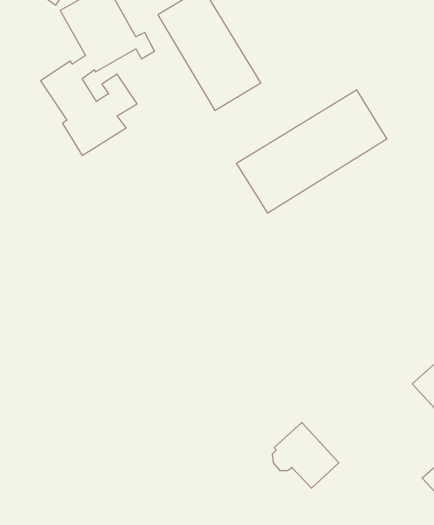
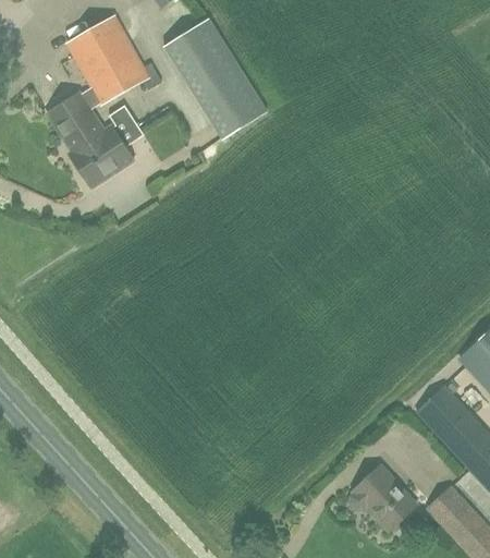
building: [237,90,387,213] -> none
building: [272,422,339,488] -> [350,462,416,527]

